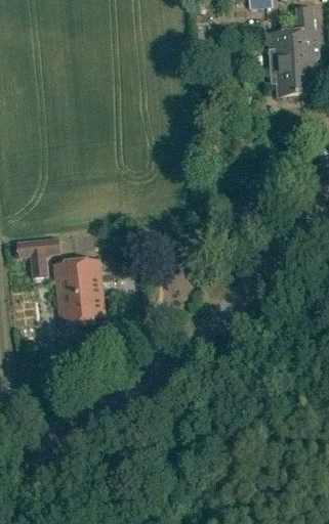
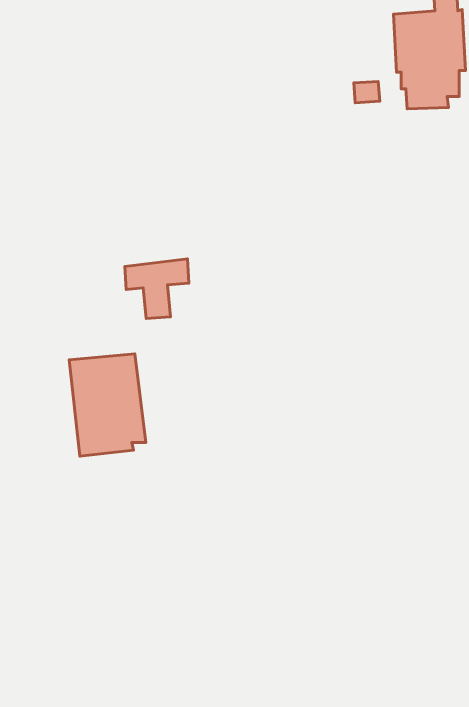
building: [16,235,59,275] -> [125,259,189,318]

